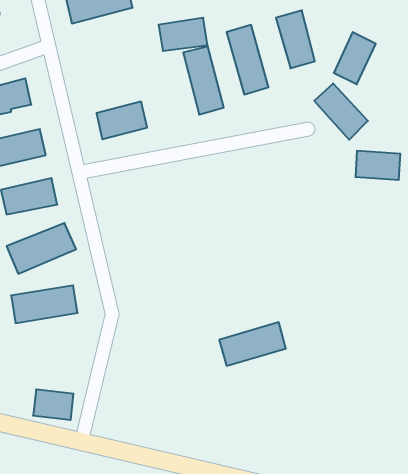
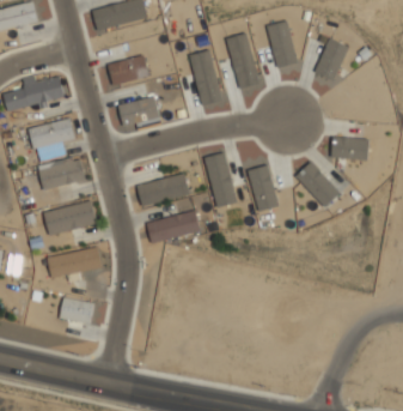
building: [158,18,208,51] -> [108,56,148,84]
building: [314,83,368,140] -> [295,162,340,208]
building: none -> [203,153,237,208]
building: none -> [248,165,279,212]
building: none -> [135,173,190,207]
building: [219,322,286,366] -> [146,208,201,244]
building: [33,389,74,420] -> [60,298,93,324]

